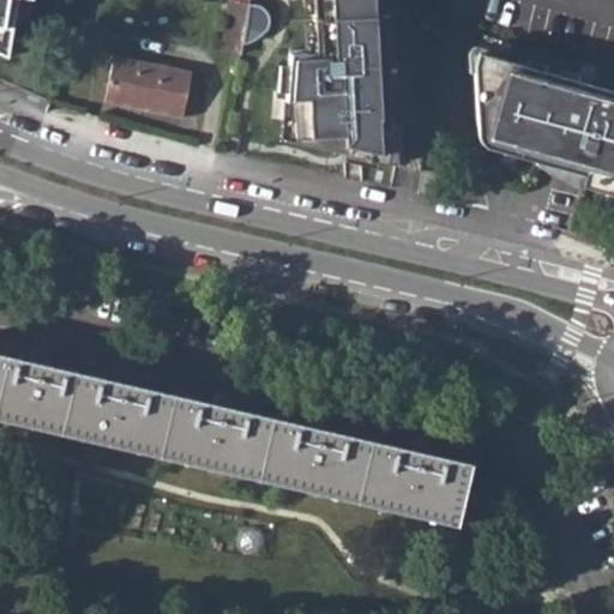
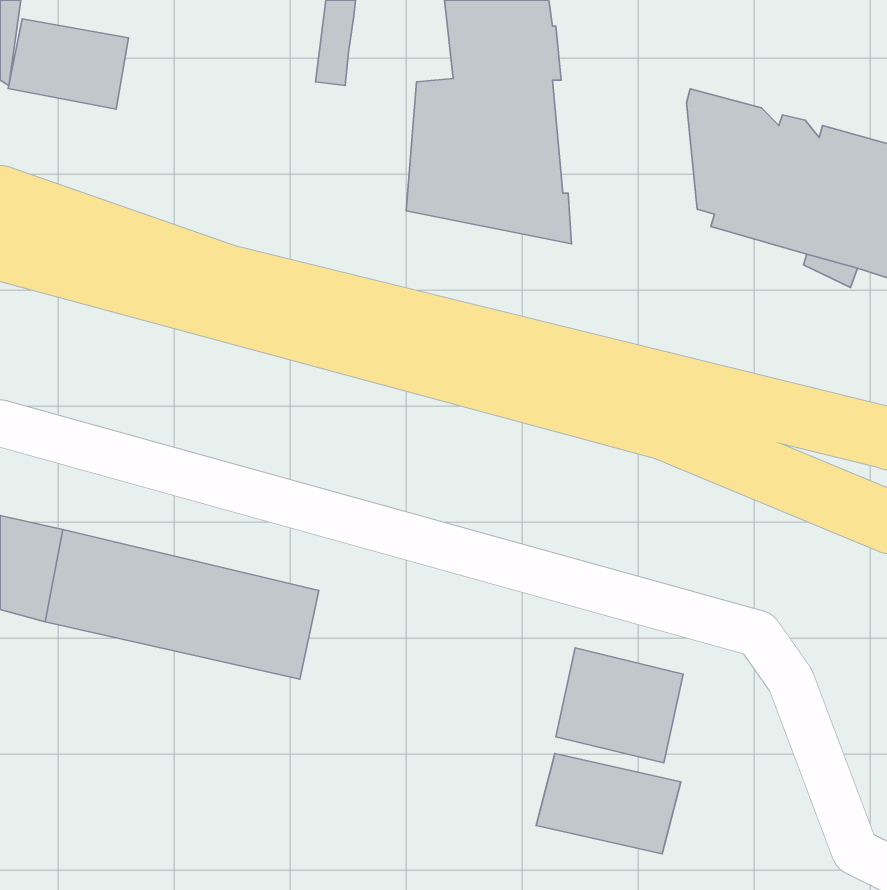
building: [107,59,189,121] -> [8,19,128,109]
building: [209,407,398,507] -> none
building: none -> [536,754,681,854]

